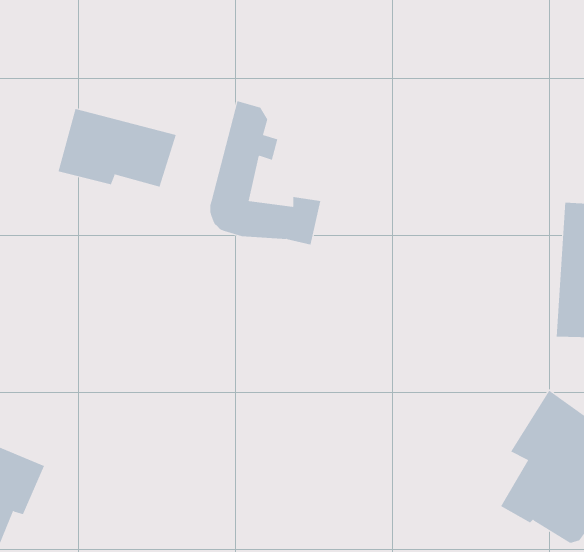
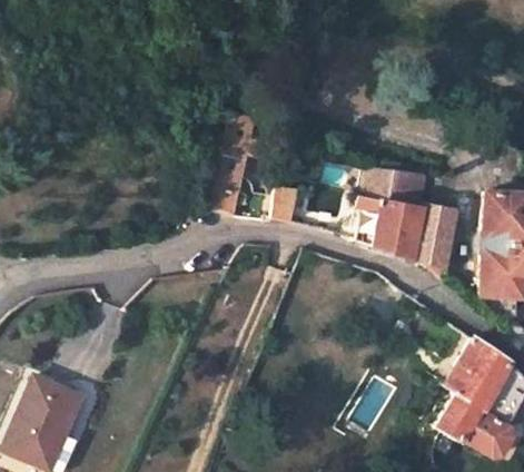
building: [58,108,177,187] -> none
building: none -> [353,169,456,267]

